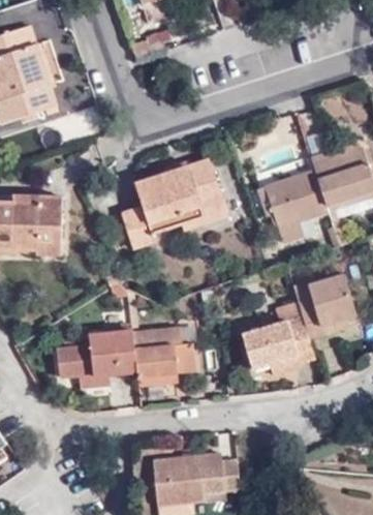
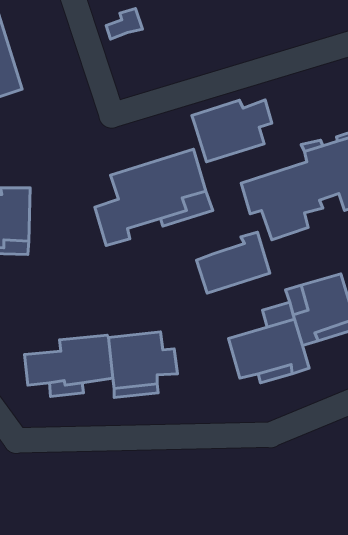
building: none -> [192,100,272,162]
building: none -> [196,232,270,293]
building: [152,452,239,504] -> none

